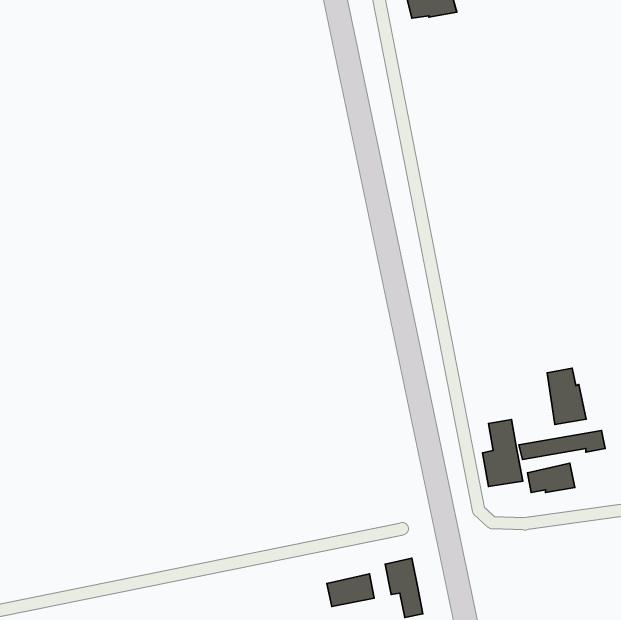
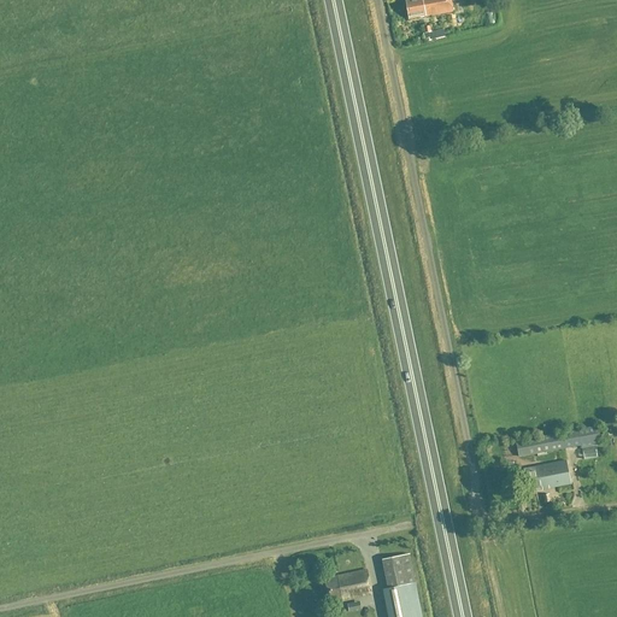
building: [547,368,586,425] -> none
building: [482,419,523,486] -> none

